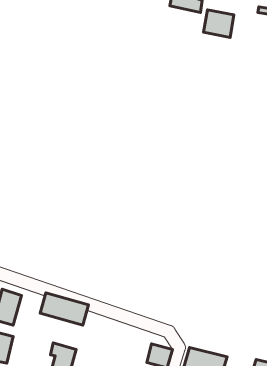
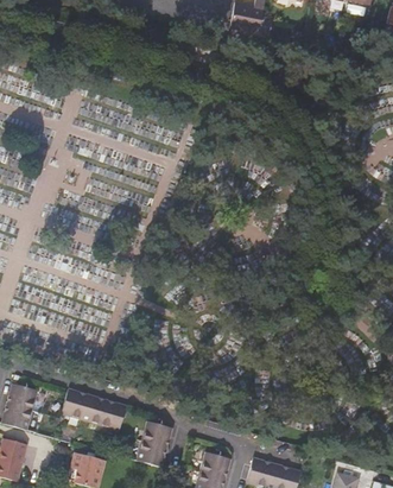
building: [203,10,234,38] -> none
building: none -> [135,420,172,467]

